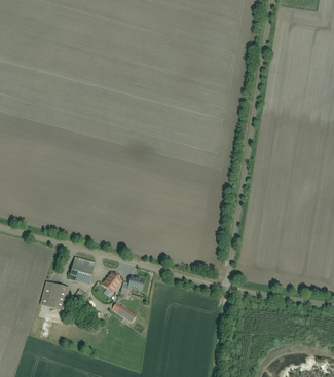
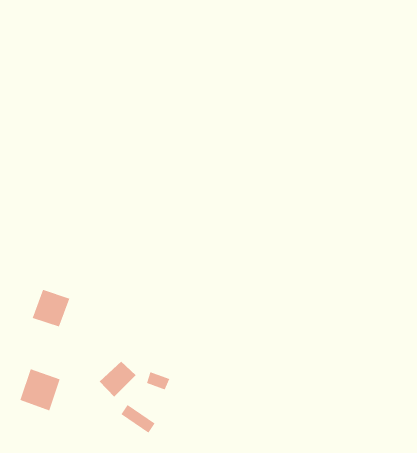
building: [69,257,95,282] -> [32,289,70,327]

